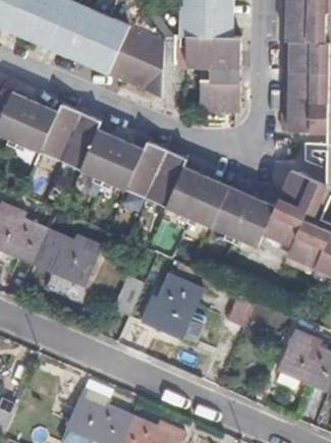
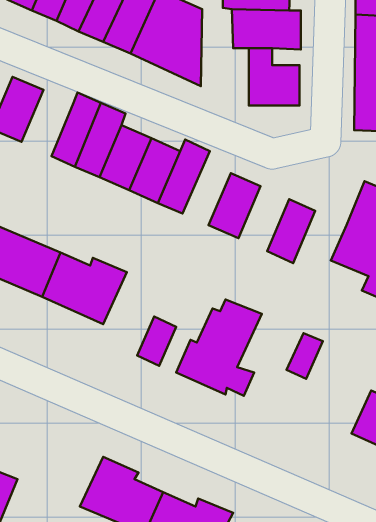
building: [21,102,62,154] -> none
building: [148,150,188,208] -> none
building: [191,177,231,228] -> none
building: [234,197,276,247] -> none

